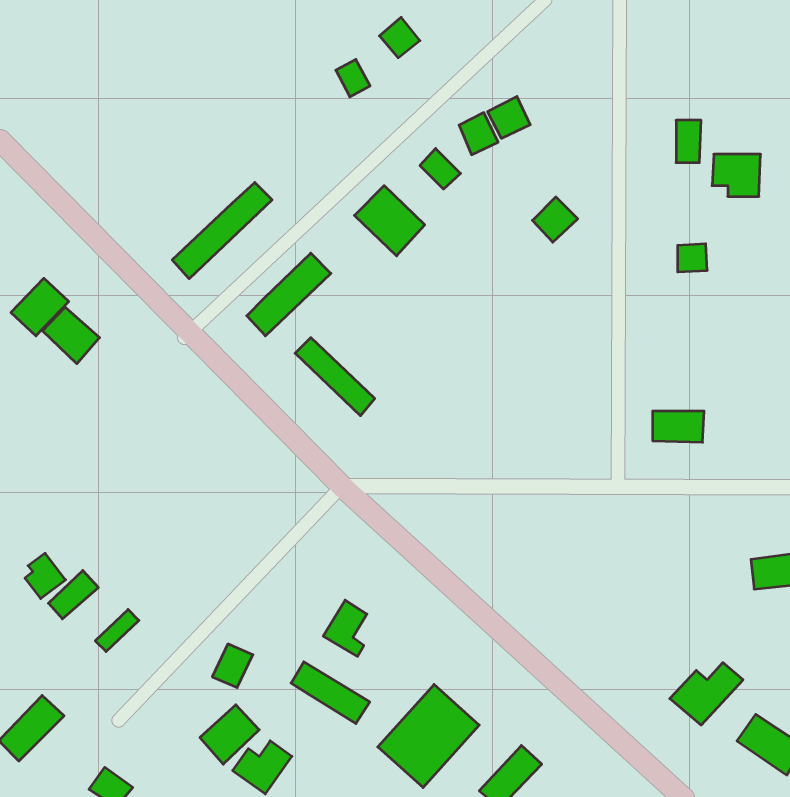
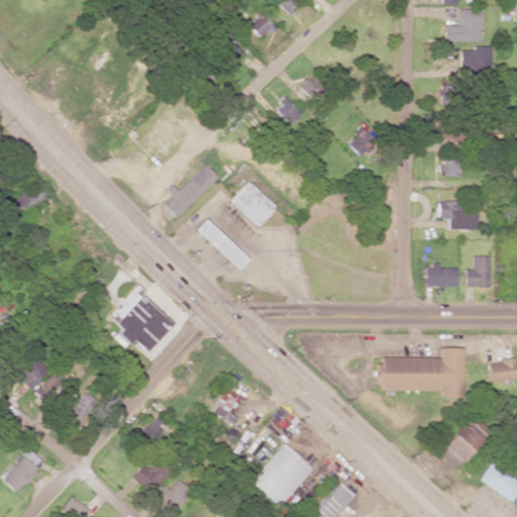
building: none -> [446,9,483,41]
building: [488,96,530,138] -> none
building: [712,154,761,196] -> [462,48,494,76]
building: [172,182,272,279] -> none
building: [354,186,425,256] -> [231,182,277,227]
building: [42,307,100,364] -> none
building: none -> [440,201,479,229]
building: none -> [468,255,492,287]
building: none -> [109,284,174,351]
building: none -> [380,347,464,398]
building: [291,662,370,724] -> none

